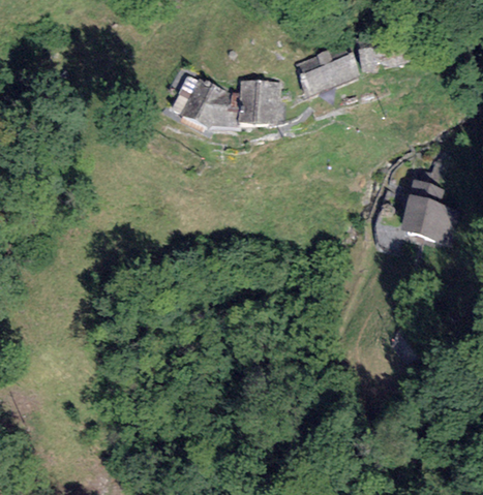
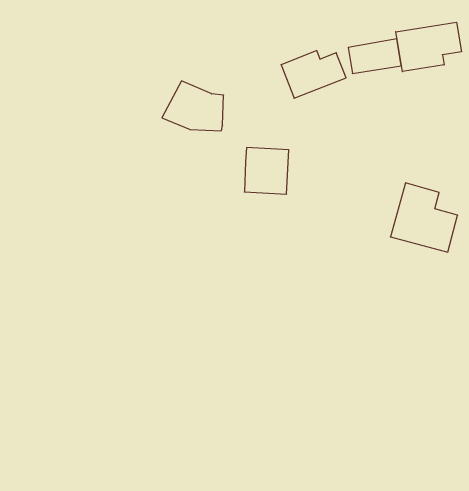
building: none -> [396,22,461,72]
building: [239,80,281,124] -> [244,148,289,194]

